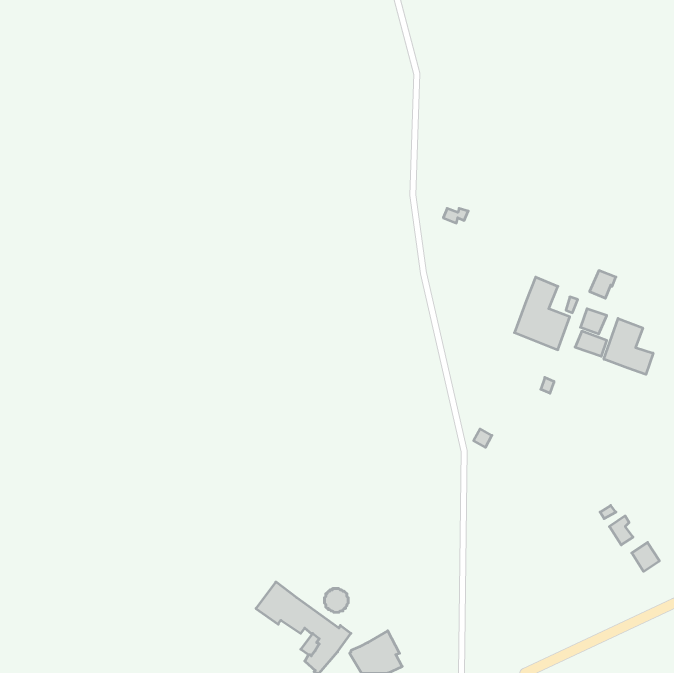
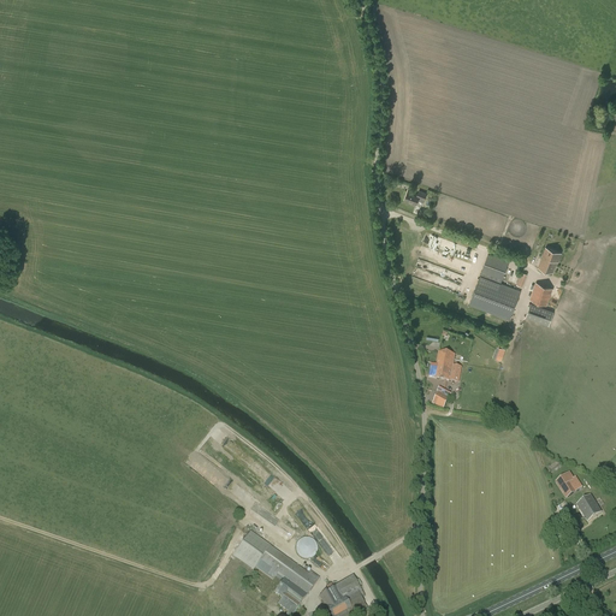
building: [604,318,653,374] -> none
building: none -> [434,351,462,381]

